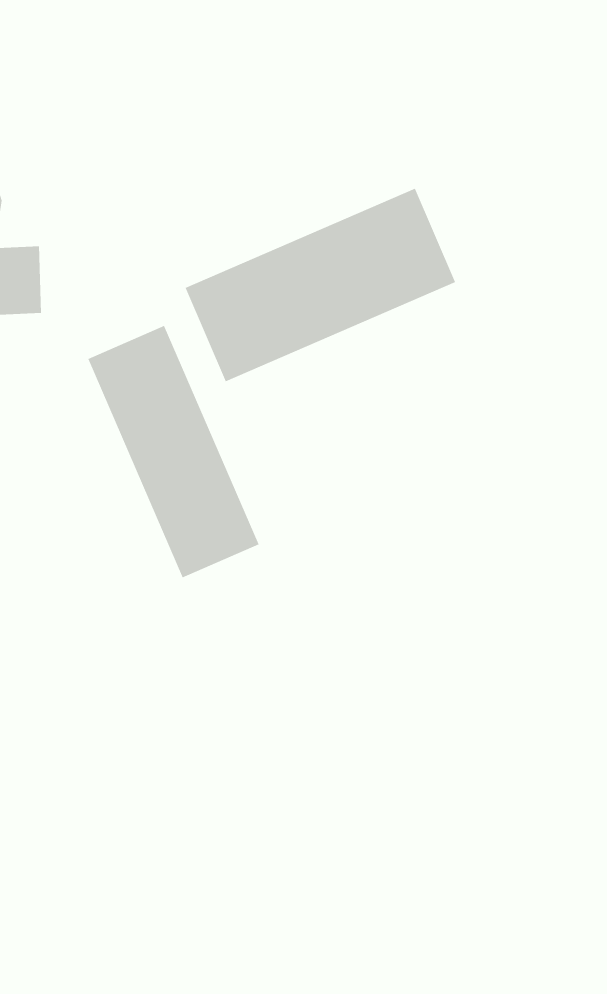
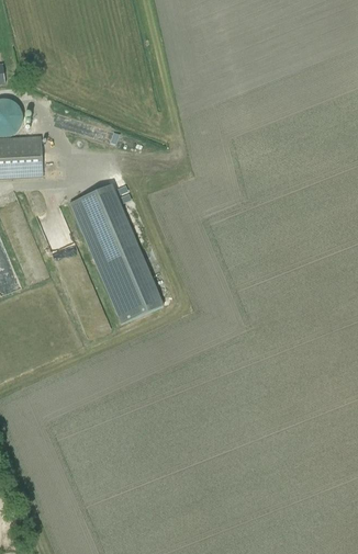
building: [185,188,456,382] -> none

